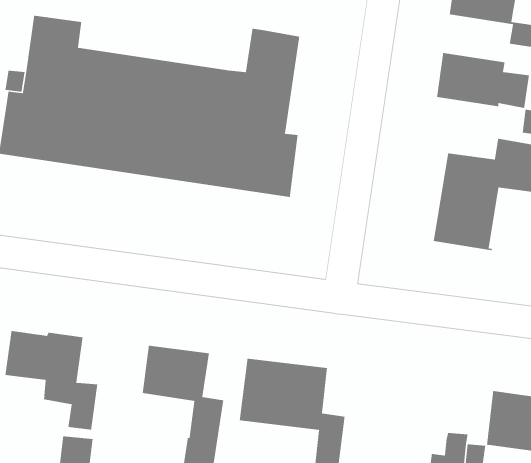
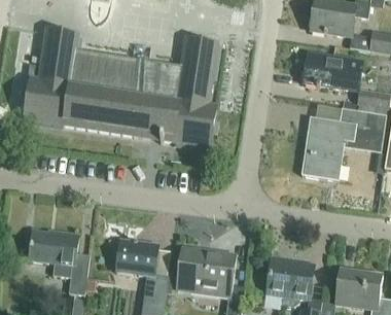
building: none -> [266,258,314,306]

